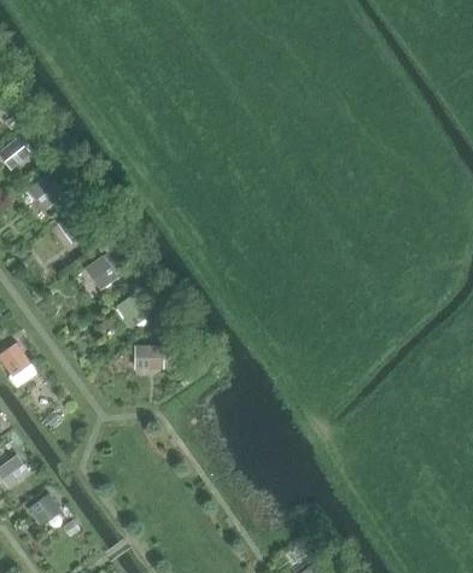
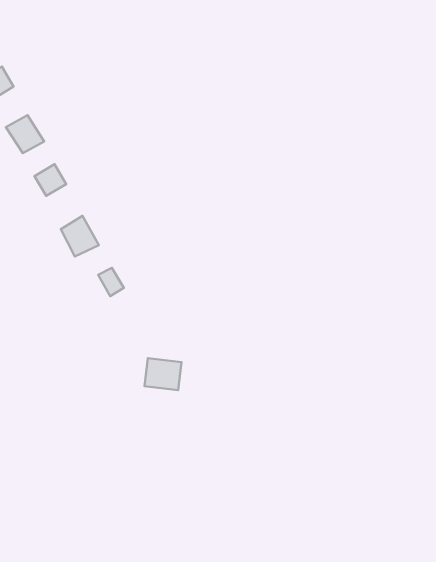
building: [133,345,162,369] -> [144,358,182,390]

